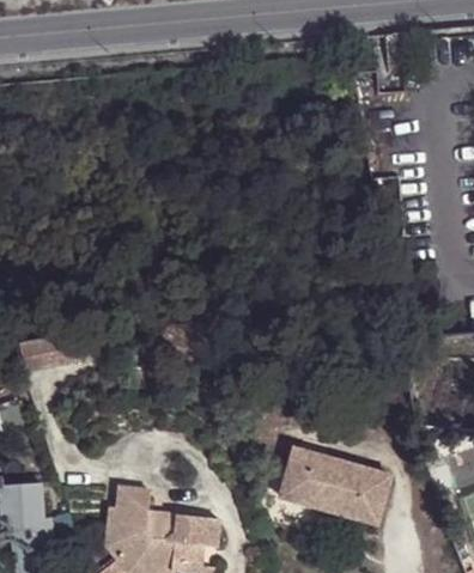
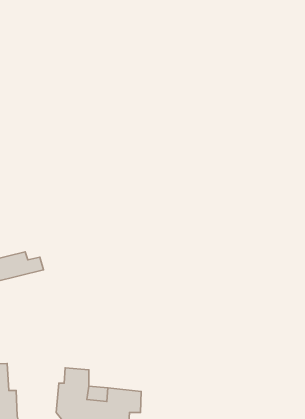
building: [282,449,388,520] -> none

